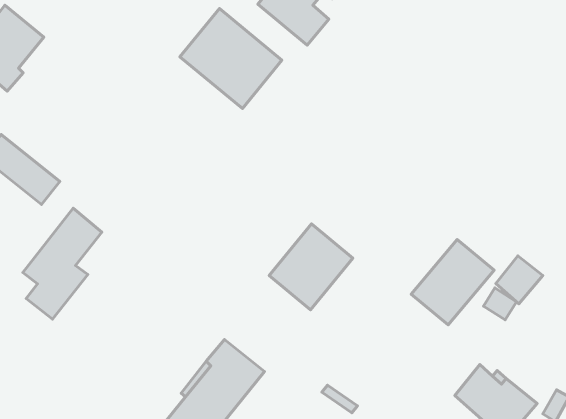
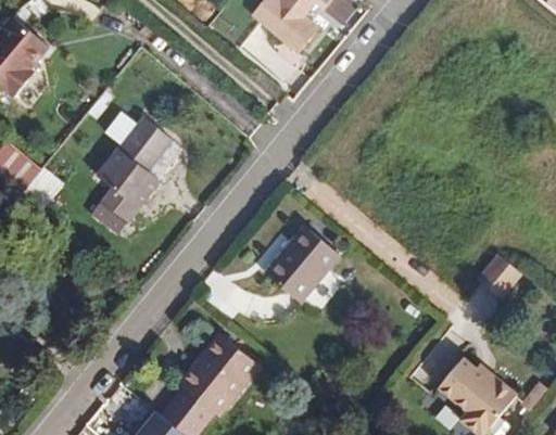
building: [180,8,282,108] -> none
building: [23,208,102,319] -> [97,116,172,221]
building: [411,240,494,325] -> none

